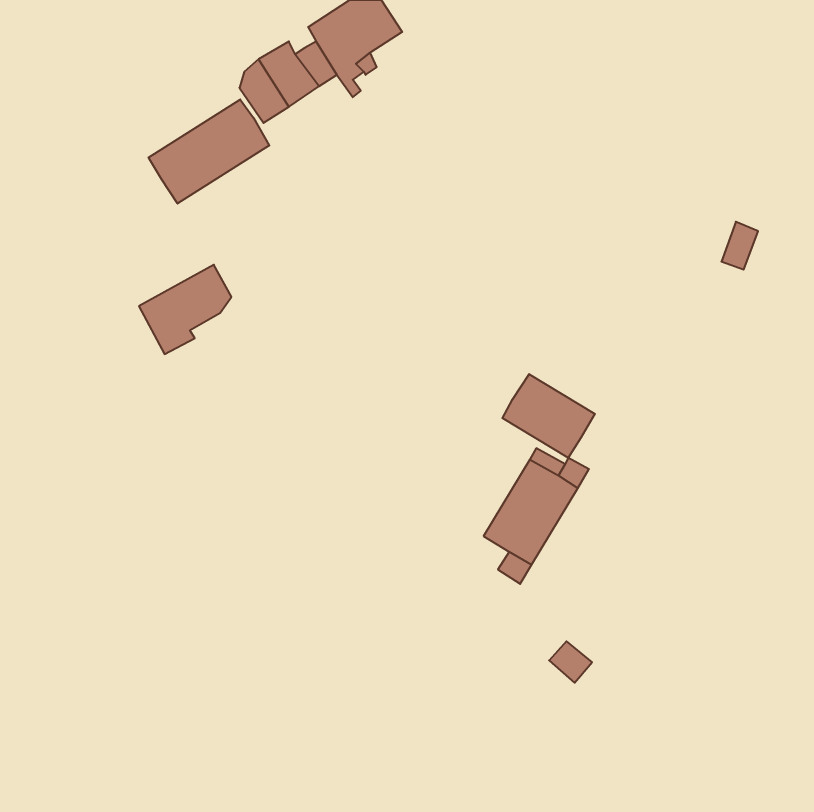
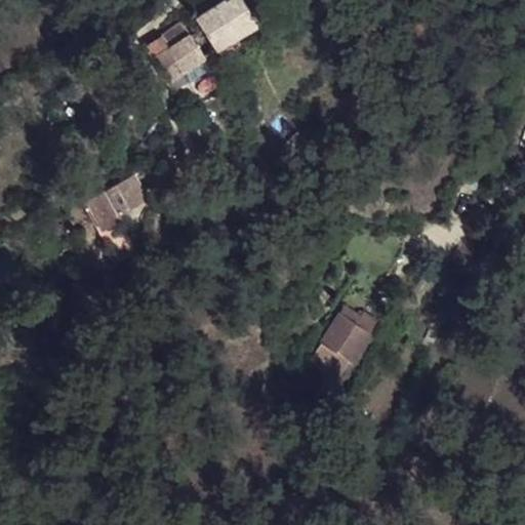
building: [149,99,269,204] -> none
building: [502,374,595,458] -> none

